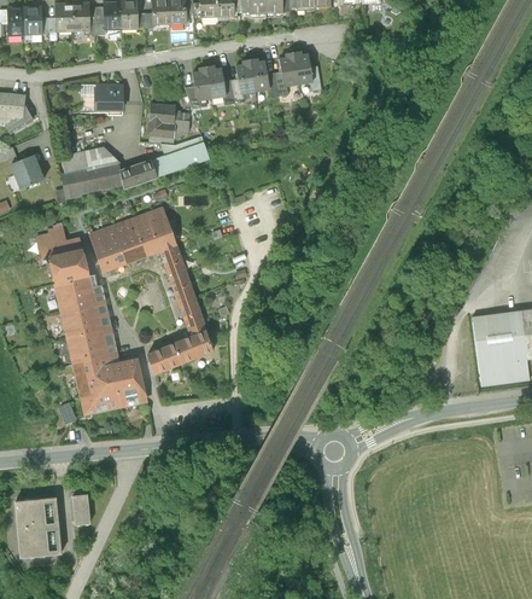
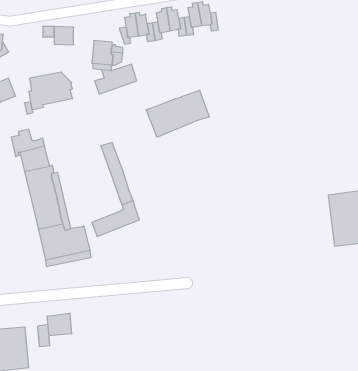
building: [117,159,157,190] -> none
building: [88,208,175,272] -> [146,90,209,137]
building: none -> [47,313,72,336]

